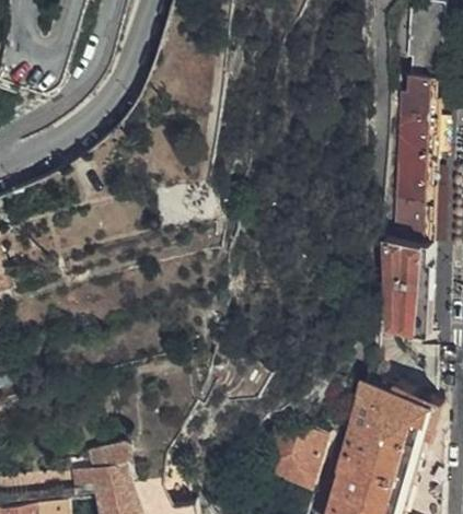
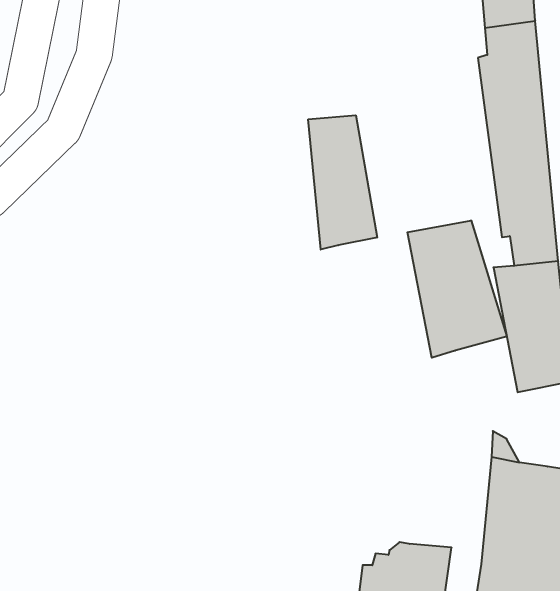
building: none -> [308,115,377,250]
building: none -> [407,220,507,358]

